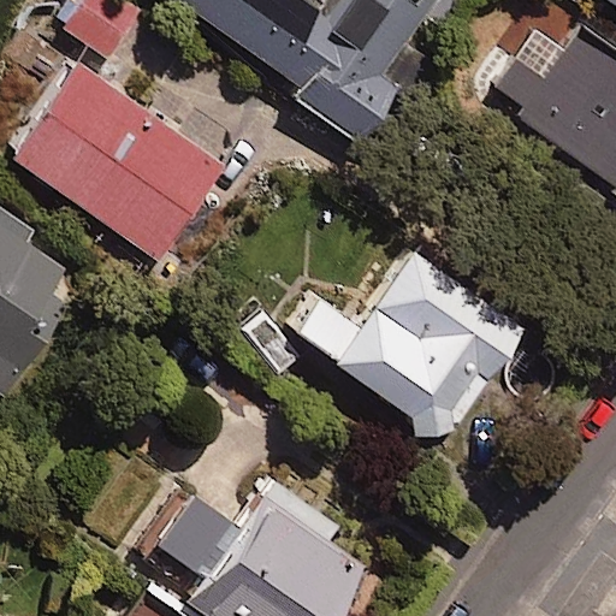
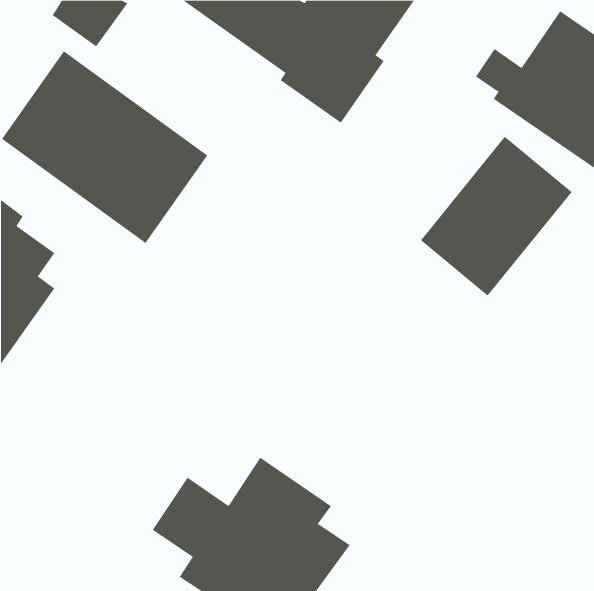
building: none -> [420,136,572,296]
building: [290,243,520,426] -> none

